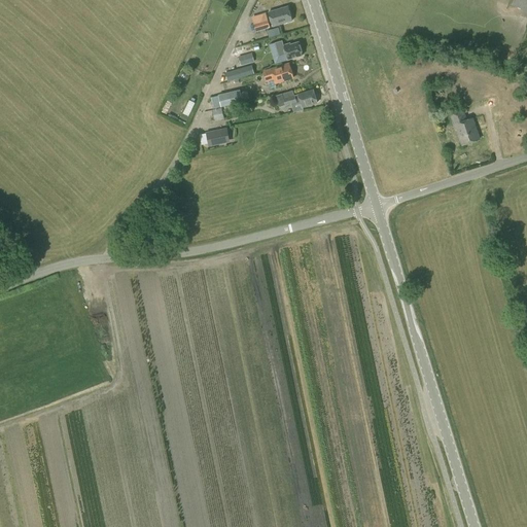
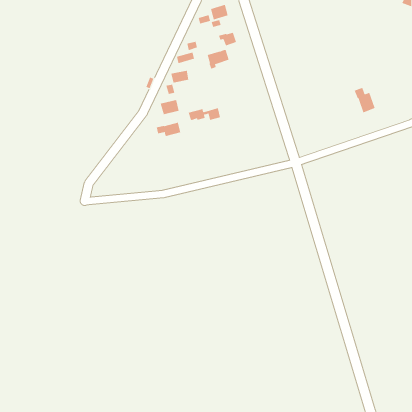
building: [273,90,315,106] -> [188,108,221,121]
building: none -> [156,122,181,137]

